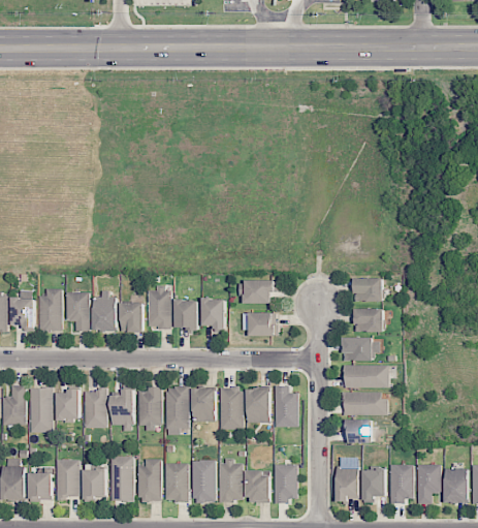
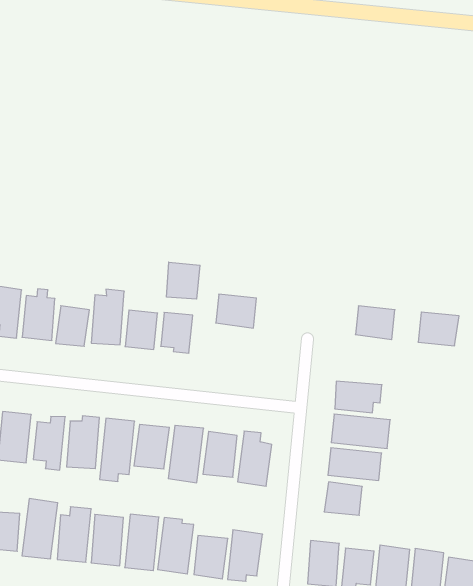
building: none -> [167,262,200,299]
building: [354,308,384,332] -> [418,312,459,346]
building: [249,312,277,336] -> none

